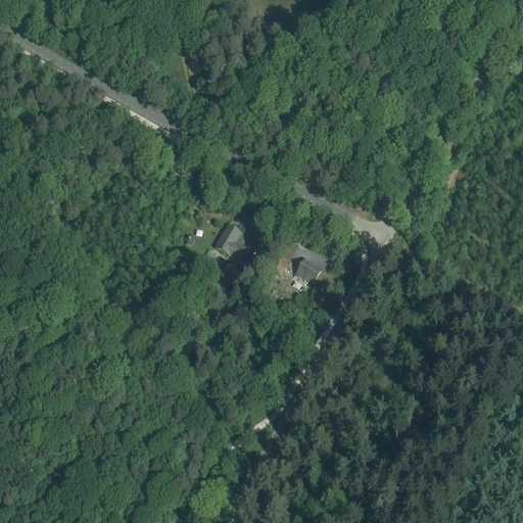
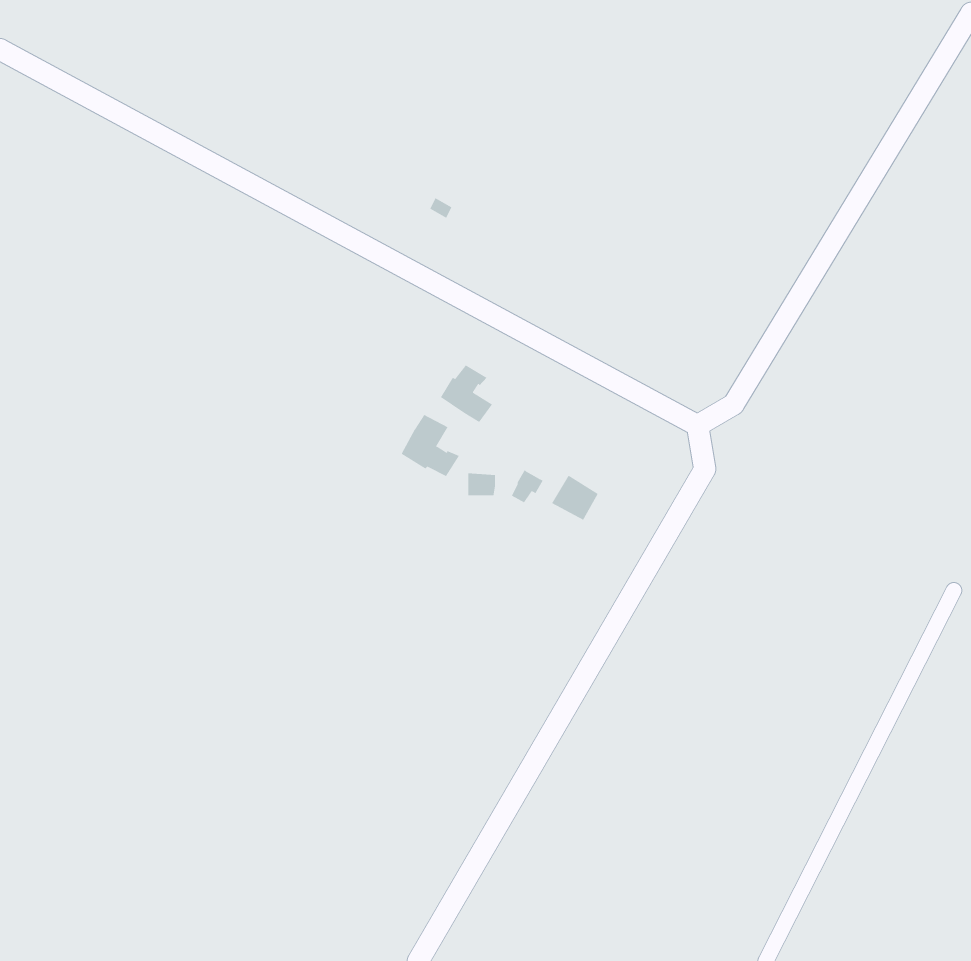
building: none -> [440,364,493,423]

